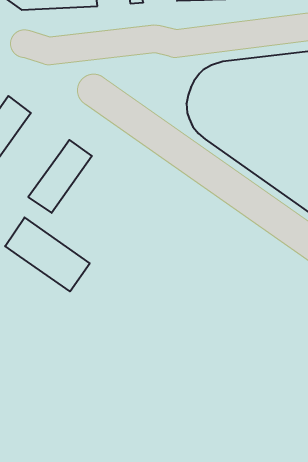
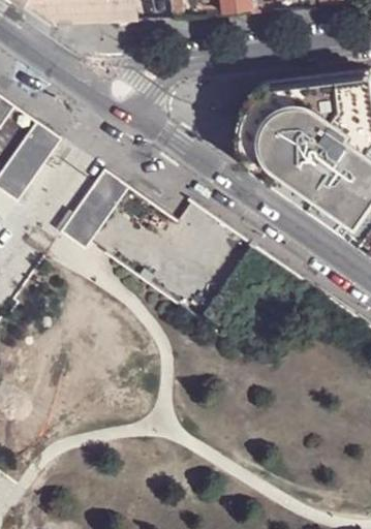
building: [5,217,90,291] -> none

